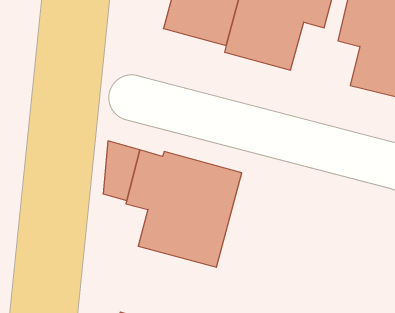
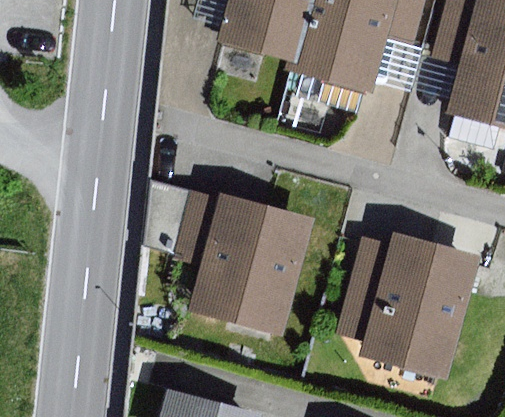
building: none -> [334,232,482,380]

